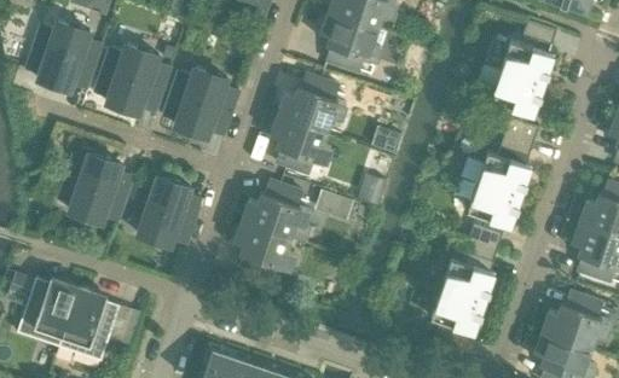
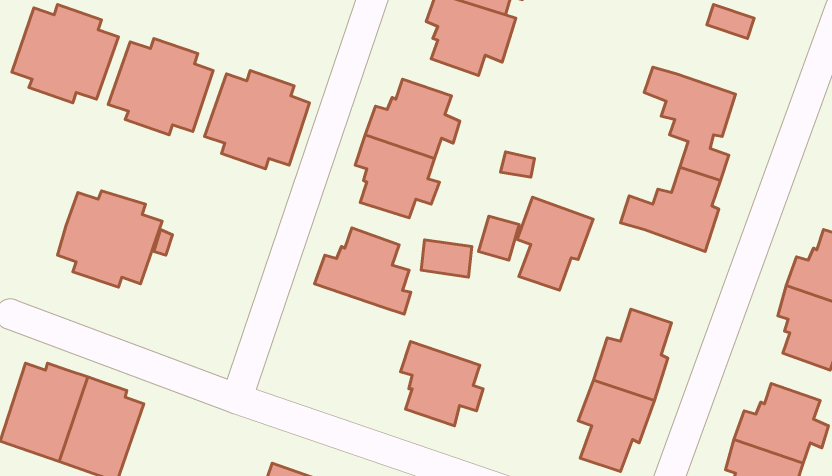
building: [501,41,554,86] -> none
building: [138,178,201,246] -> none
building: [467,182,521,249] -> [517,197,593,290]
building: [235,221,294,281] -> [400,341,483,426]

